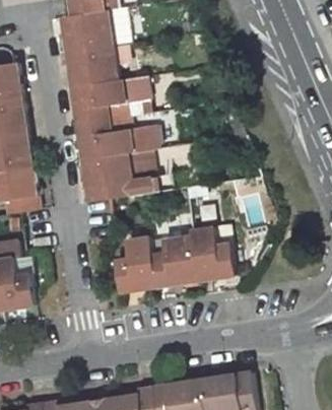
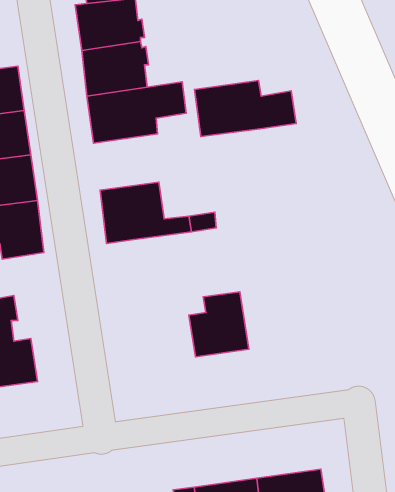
building: [76,114,155,157] -> [194,80,296,136]
building: [190,228,236,281] -> none
building: [115,238,155,292] -> none

